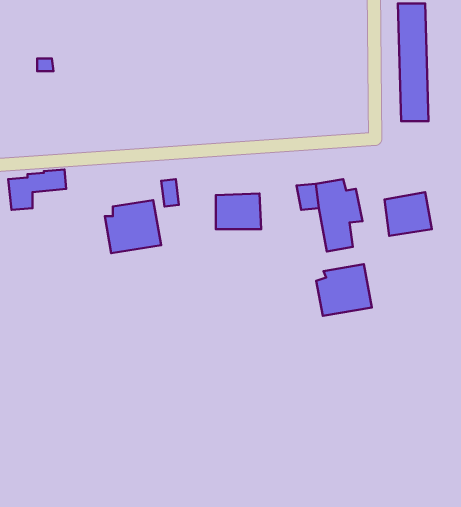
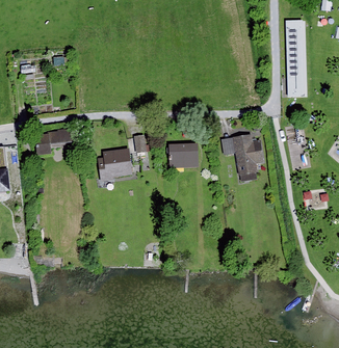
building: [385,192,432,236] -> none
building: [316,264,372,316] -> none

